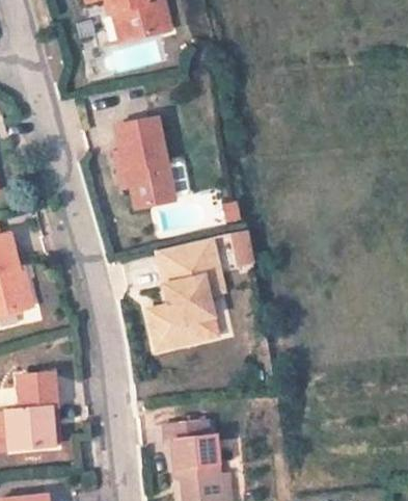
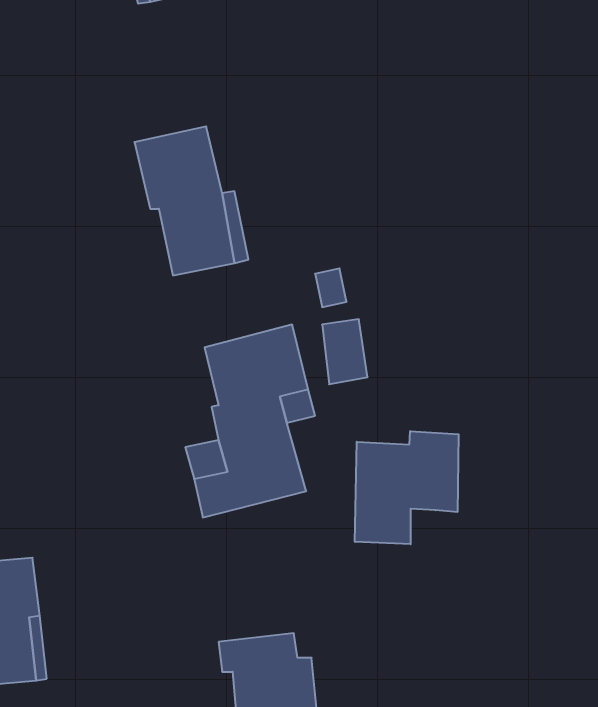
building: none -> [355,431,459,544]

